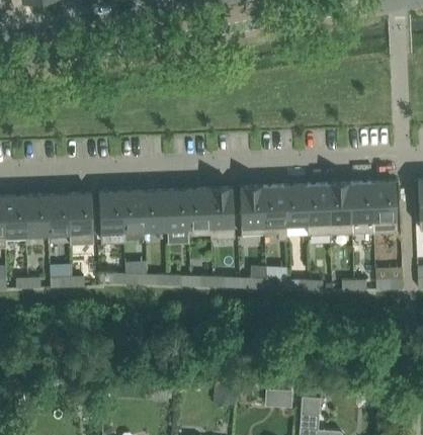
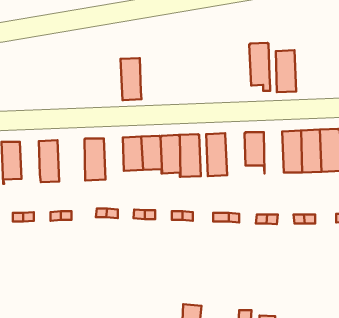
building: [307,184,330,233] -> [276,50,296,92]
building: [262,185,286,241] -> [249,43,270,91]
building: [121,191,146,240] -> [121,58,142,100]
building: [68,193,93,242] -> none
building: [24,195,48,239] -> none

